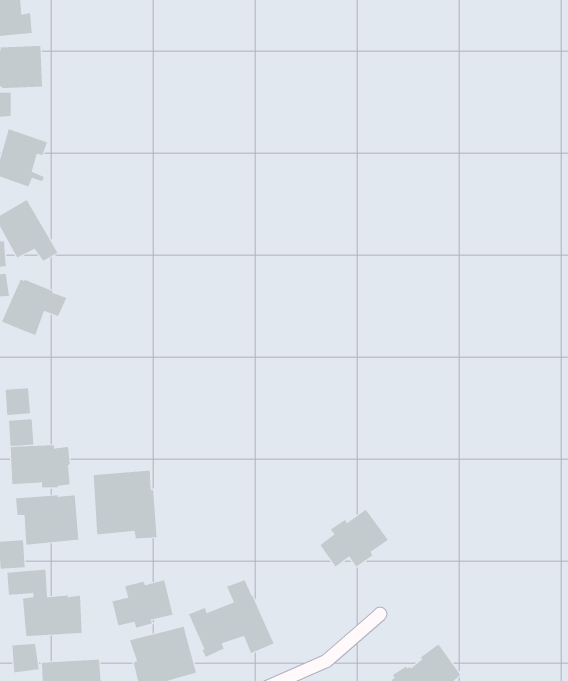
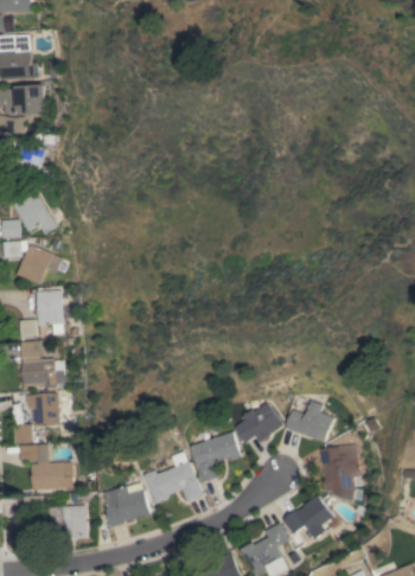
building: none -> [34,290,63,335]
building: [93,470,157,539] -> none
building: none -> [285,401,333,442]
building: none -> [191,433,242,482]
building: none -> [320,446,358,492]
building: [112,580,173,628] -> none

